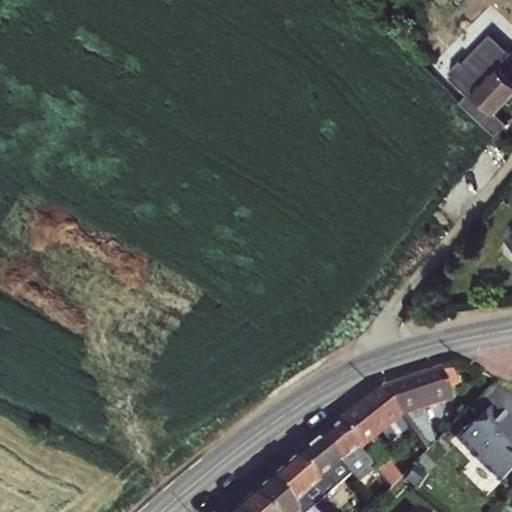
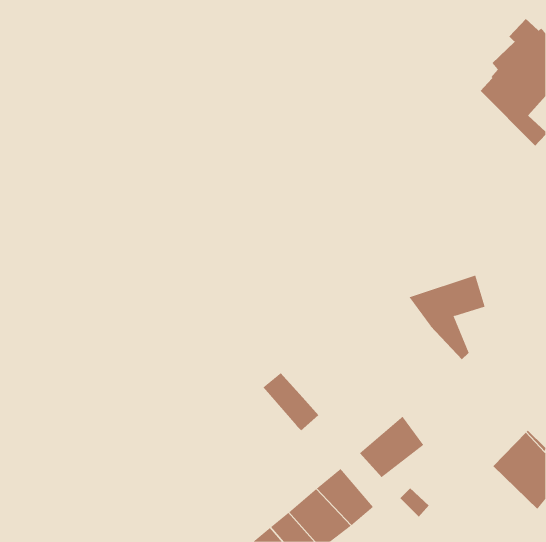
building: [377,368,449,448] -> [409,275,485,360]
building: [319,424,372,479] -> [263,372,319,431]

